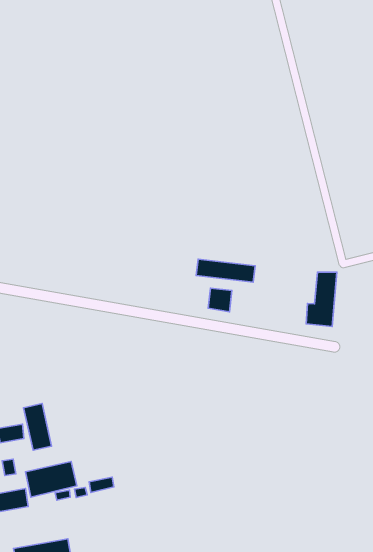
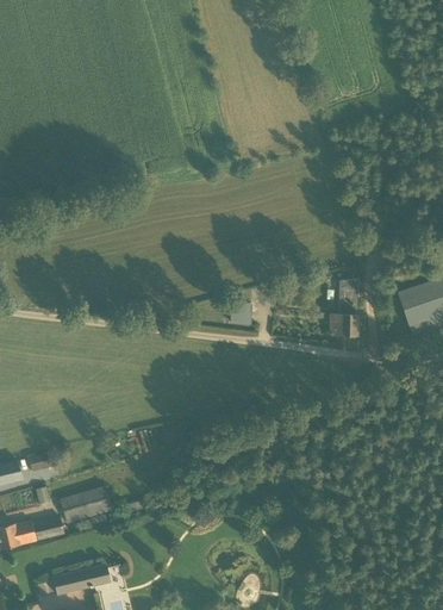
building: [196,259,255,282] -> none
building: [24,404,52,450] -> none

